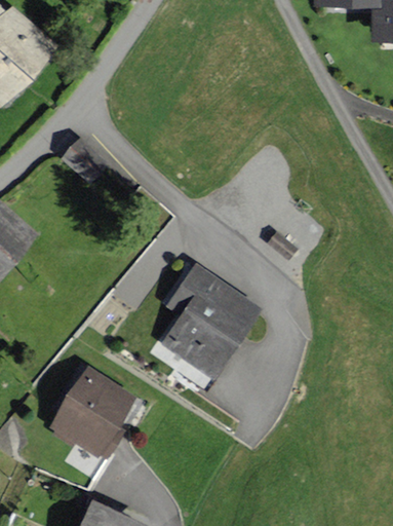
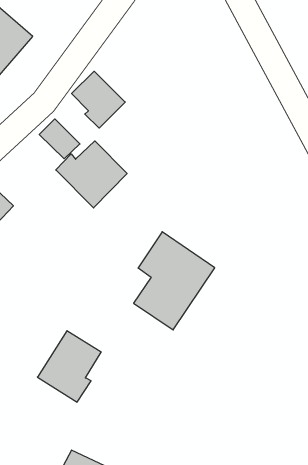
building: none -> [72,71,125,128]
building: none -> [56,141,127,208]

